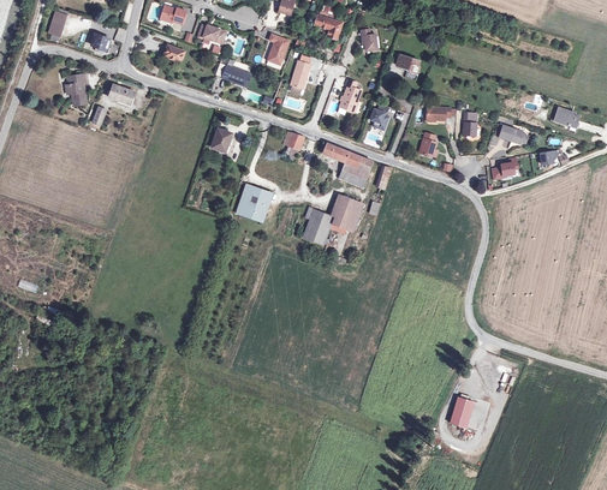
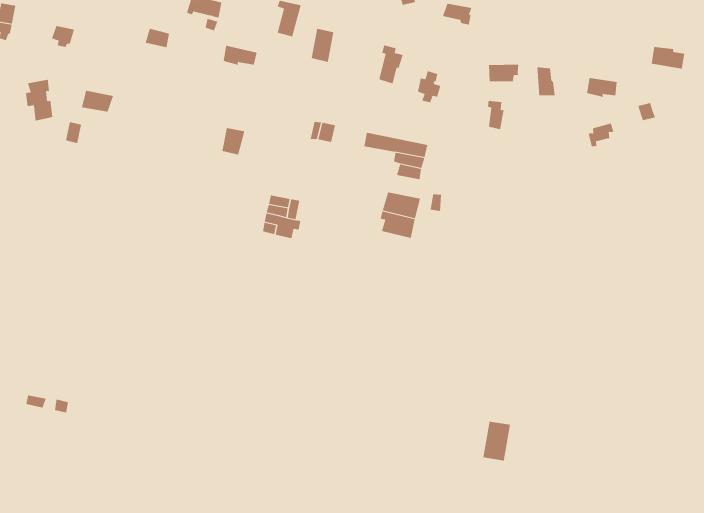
building: [300,207,332,243] -> none
building: [448,394,474,426] -> [482,421,511,461]

